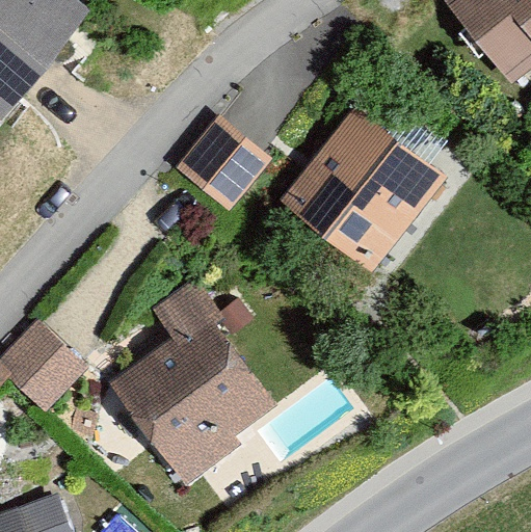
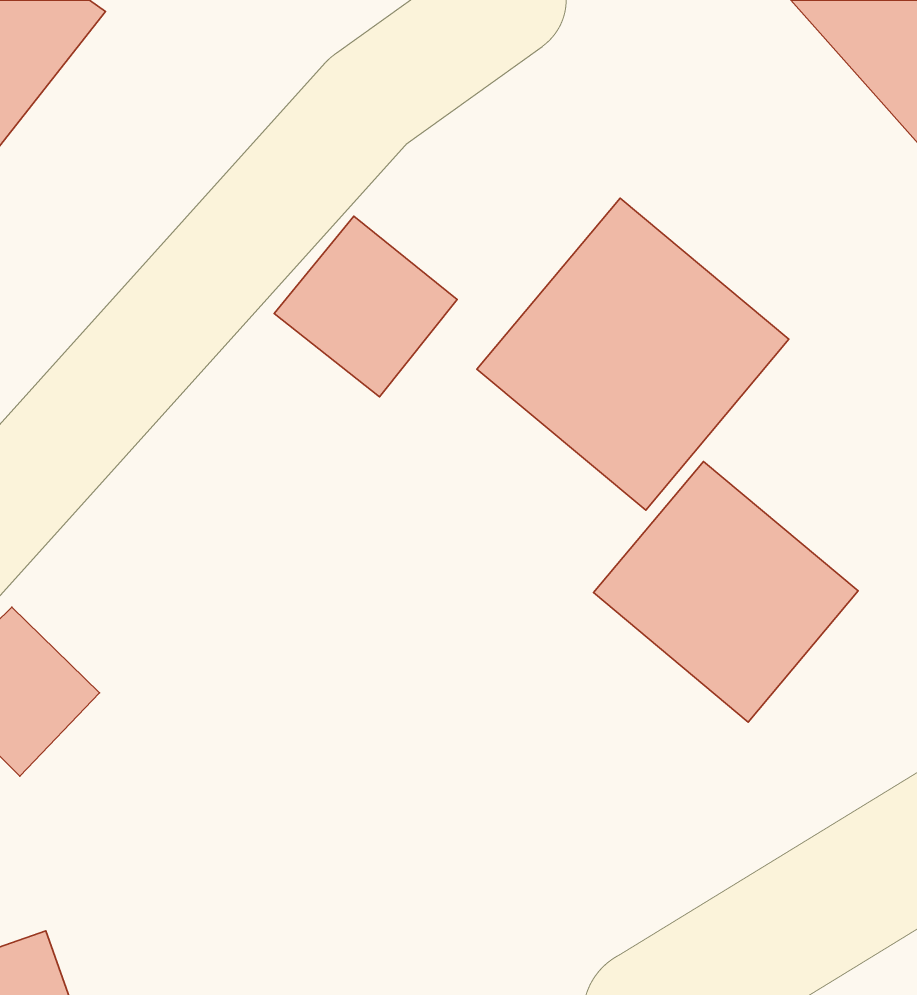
building: none -> [593,461,858,722]
building: [111,284,275,478] -> none

